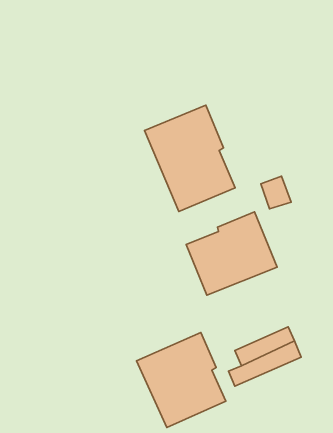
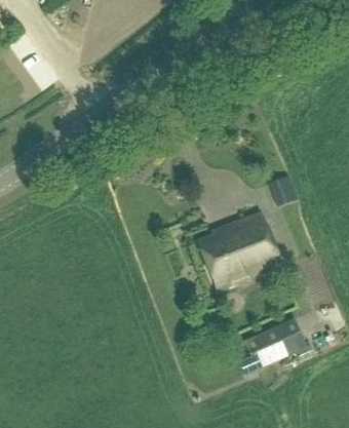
building: [144,105,235,211] -> none
building: [136,332,226,428] -> none

